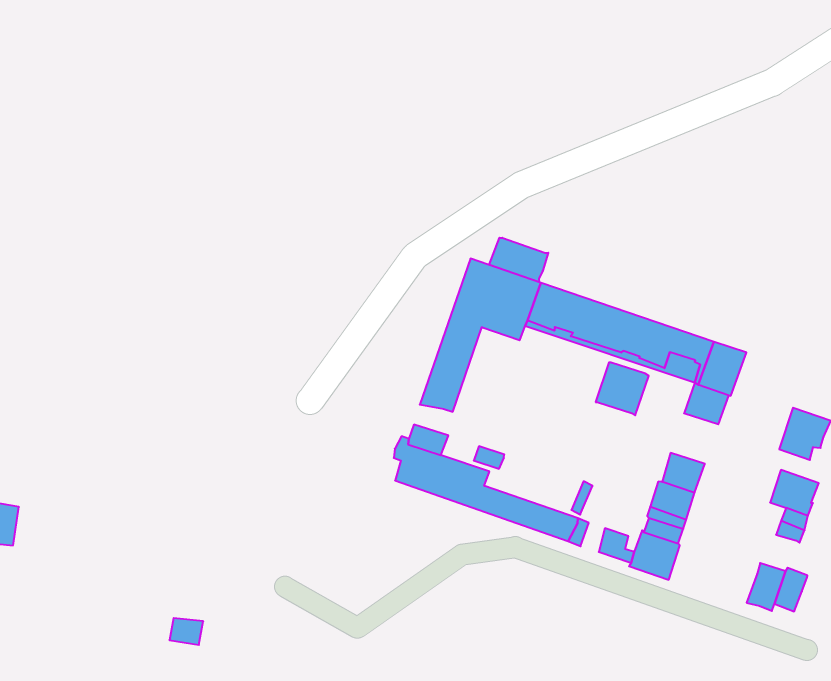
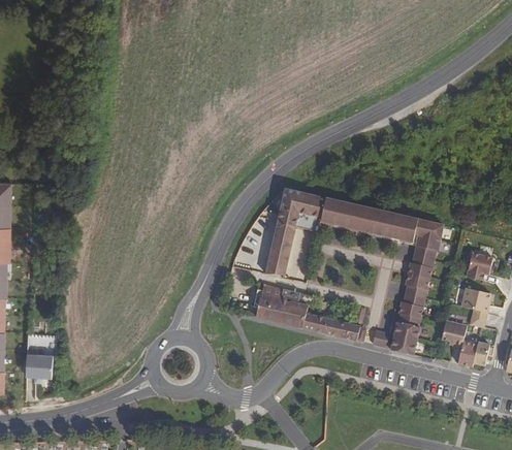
building: [489,238,548,282] -> none
building: [596,362,649,415] -> [406,261,434,289]
building: none -> [441,318,467,346]

